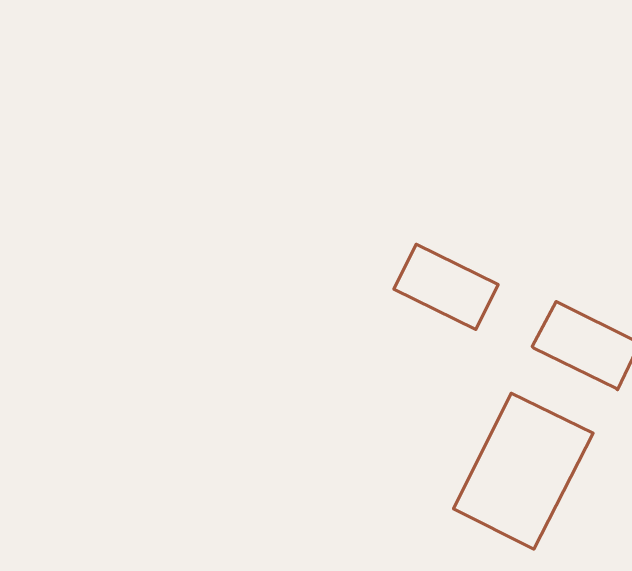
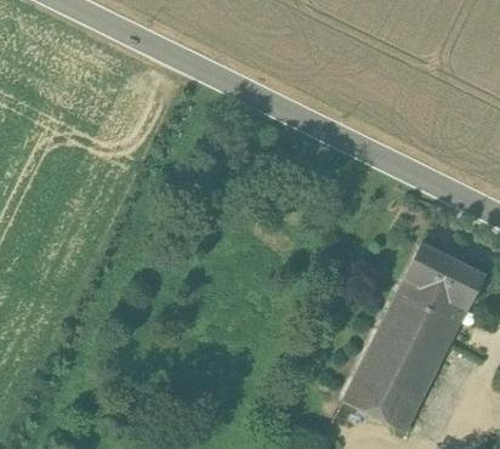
building: [394,244,498,329] -> [388,277,467,341]

